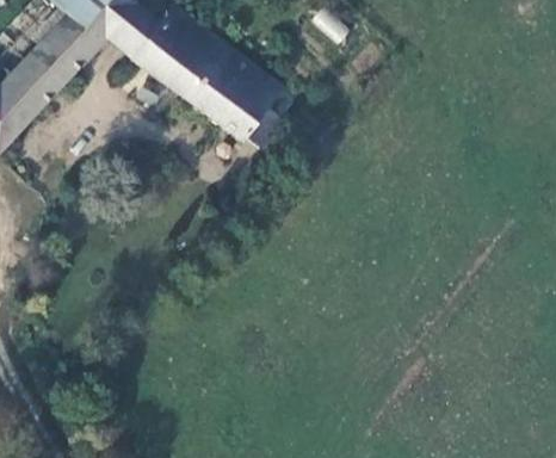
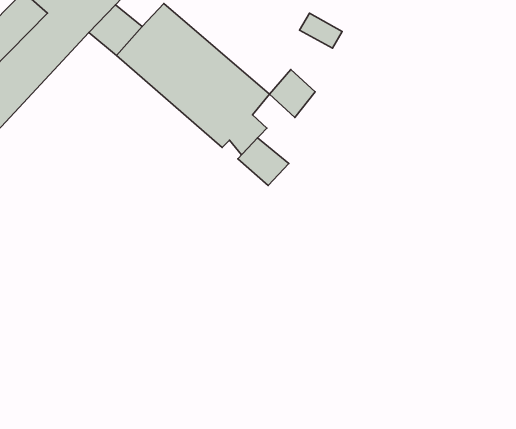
building: none -> [269,70,315,118]
building: none -> [238,138,289,185]

